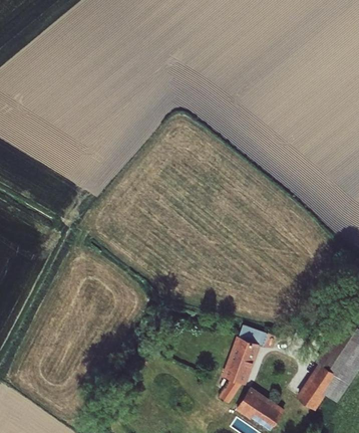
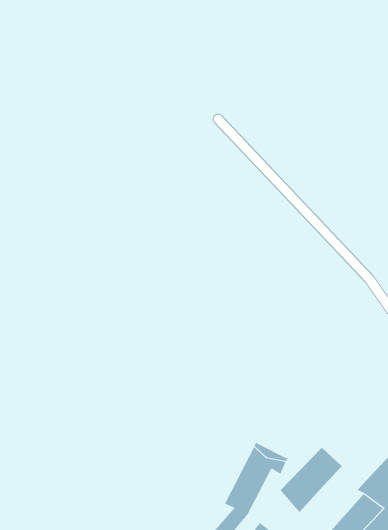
building: none -> [280,447,343,513]

